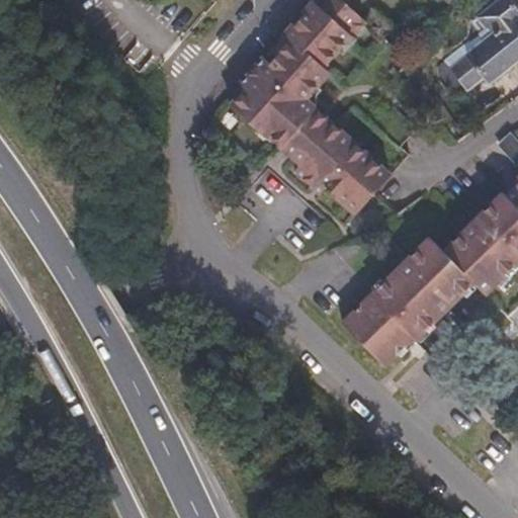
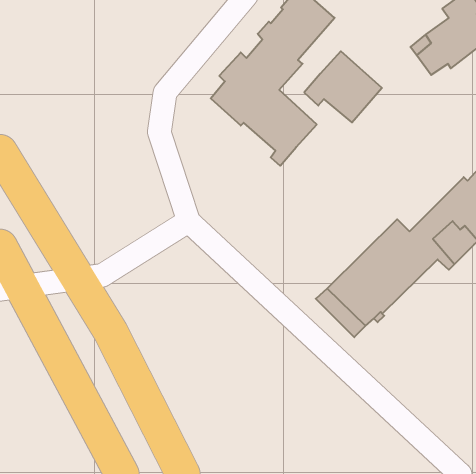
building: [306,135,390,211] -> [304,51,382,122]

